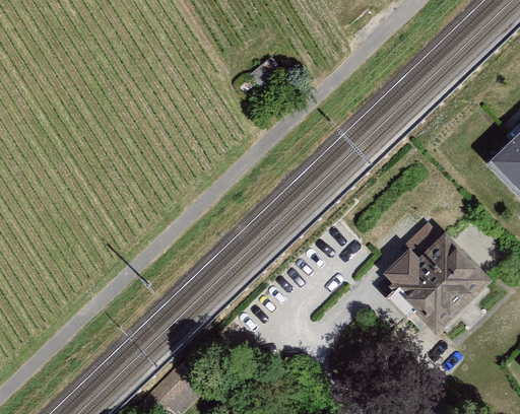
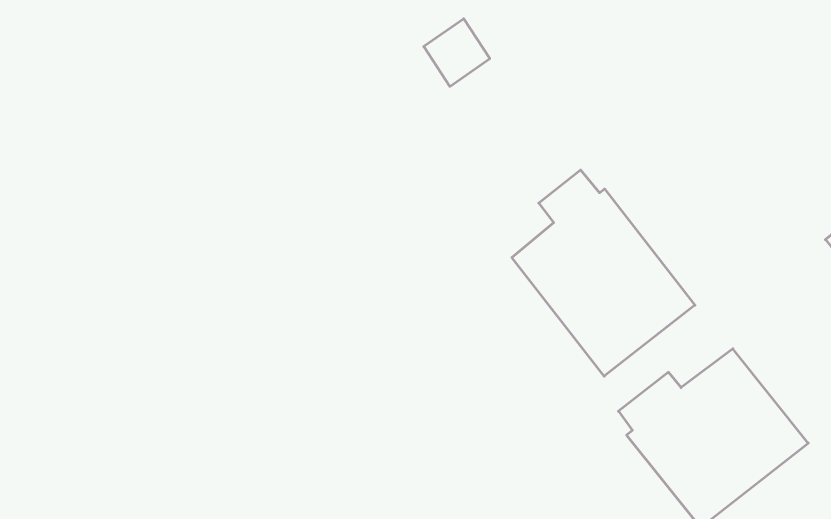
building: none -> [512,170,695,376]

